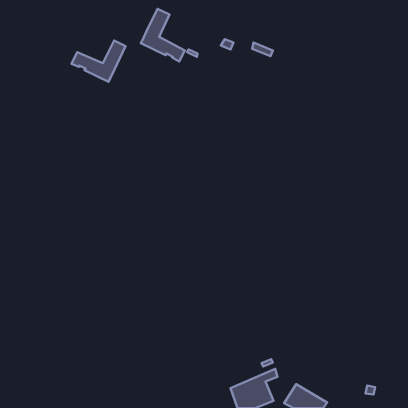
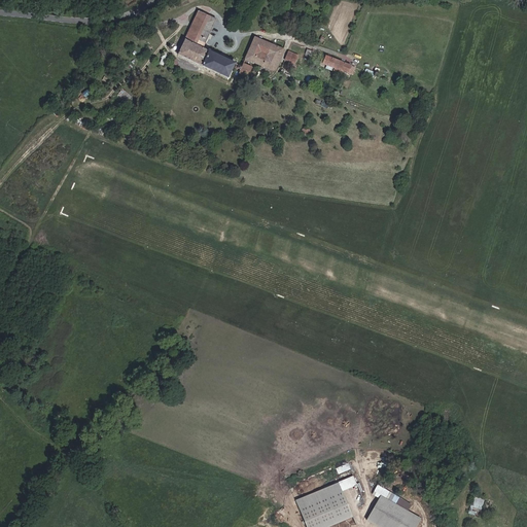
building: none -> [244,36,286,70]
building: [72,40,126,82] -> none

